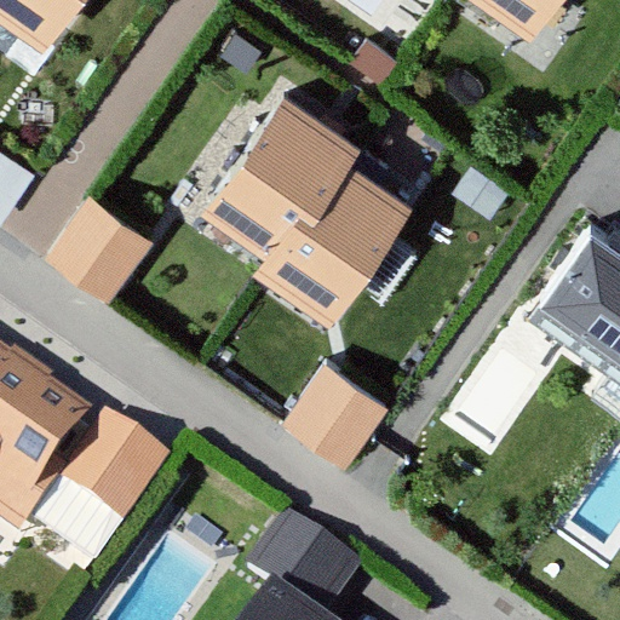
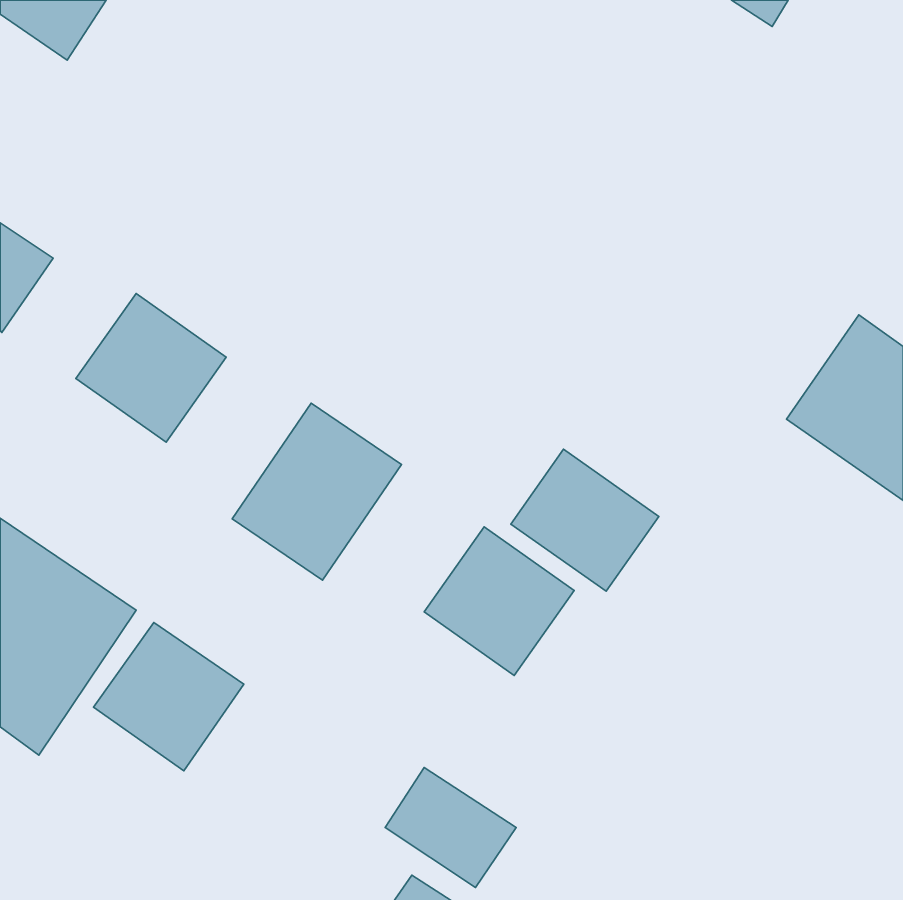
building: [205,92,400,309] -> none
building: none -> [232,403,401,580]
building: none -> [511,449,659,591]

